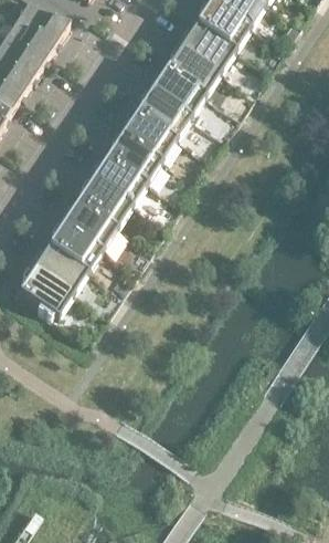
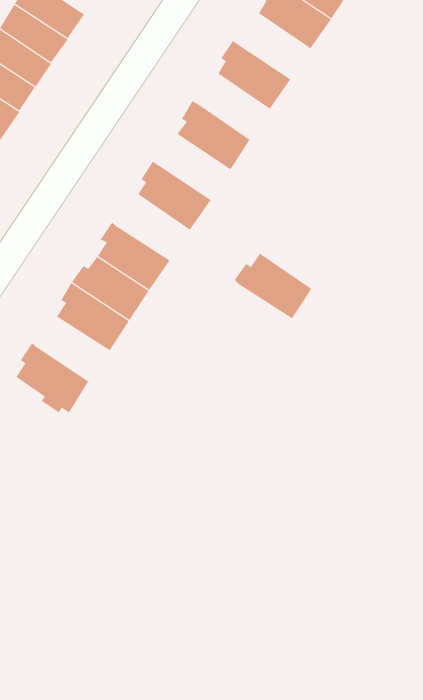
building: [177,24,234,73] -> none
building: [147,69,204,117] -> none
building: [118,113,176,161] -> none
building: [88,157,146,206] -> [234,253,312,319]
building: [30,247,87,294] -> none

